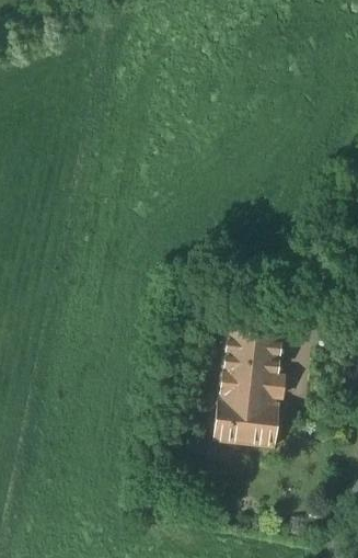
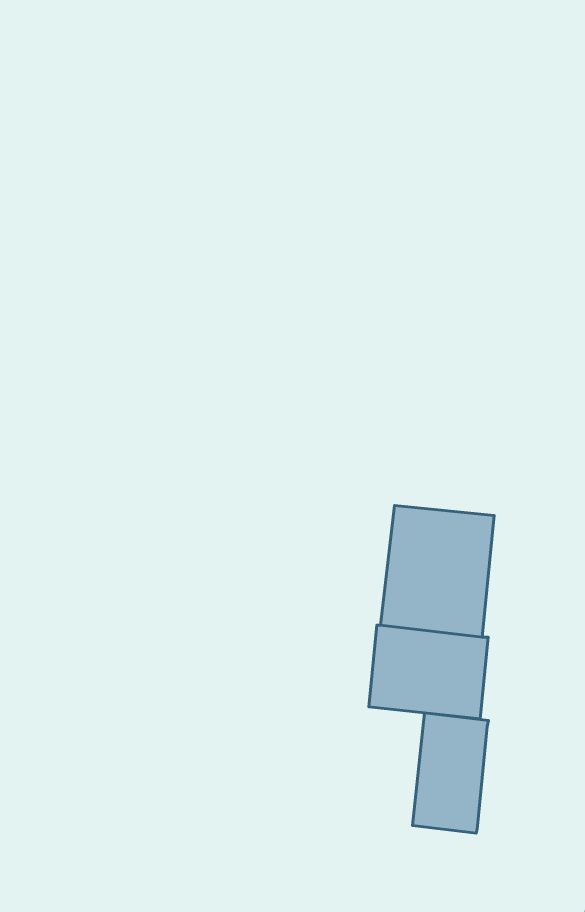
building: none -> [412,713,488,833]

